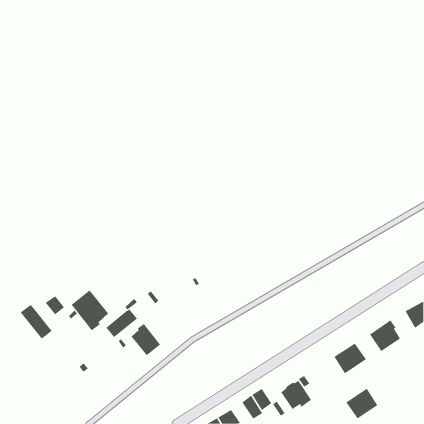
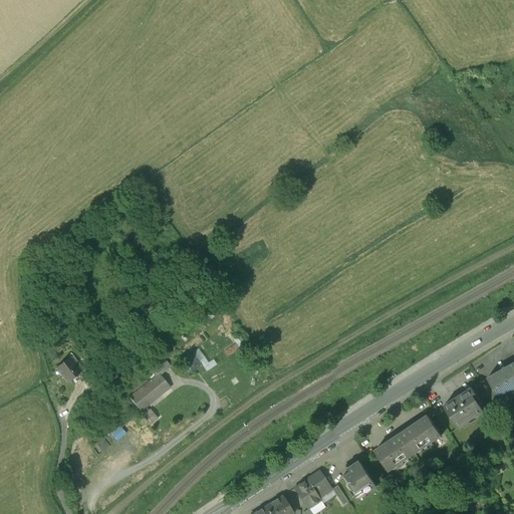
building: [71,289,109,331] -> none
building: [20,304,53,340] -> none
building: [131,323,161,356] -> none
building: [346,388,378,419] -> [377,432,417,470]

